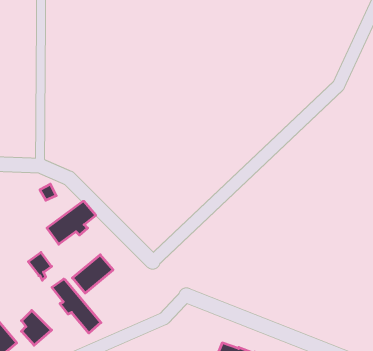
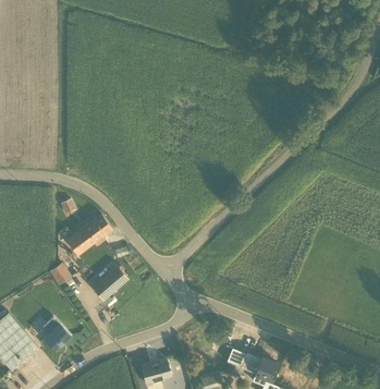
building: [52,279,101,333] -> none

